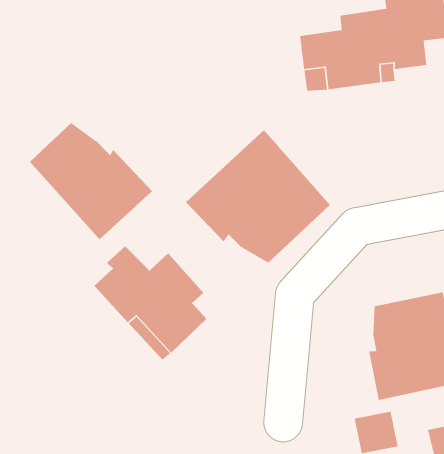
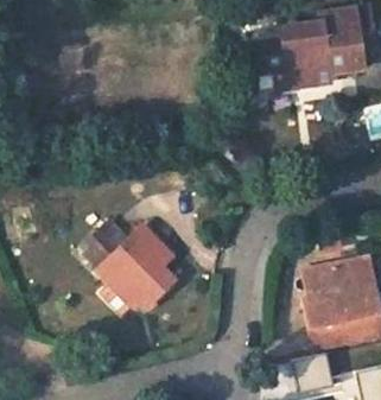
building: [29,122,153,240] -> none
building: [185,129,331,264] -> none

